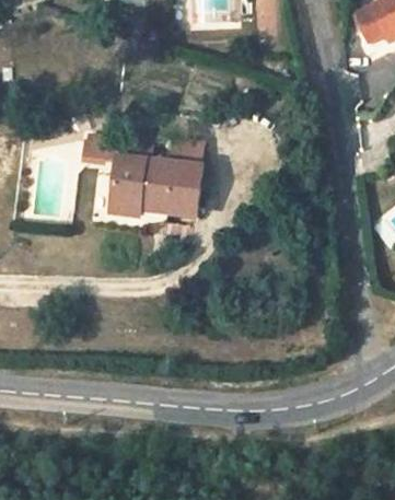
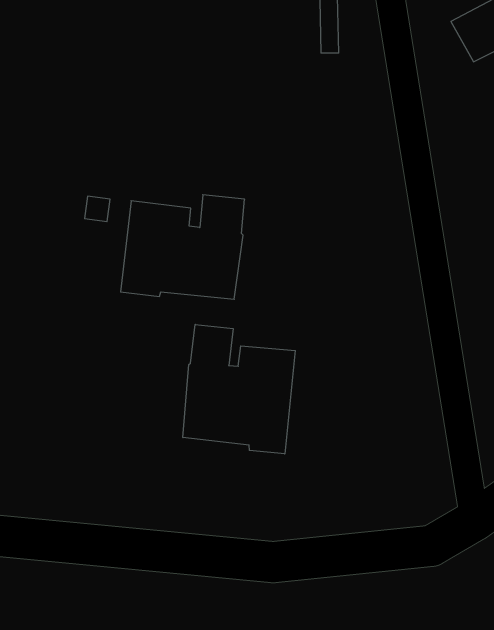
building: none -> [183,324,295,454]

